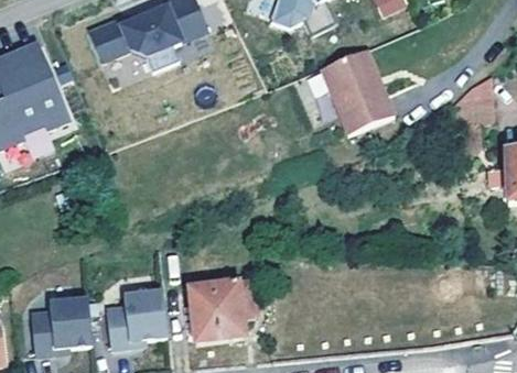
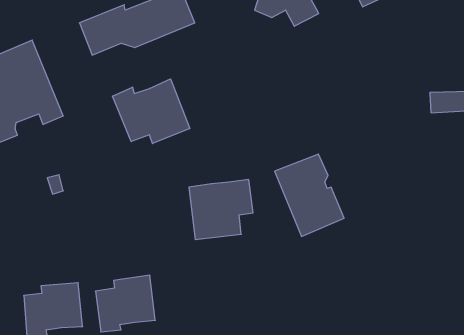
building: [323,48,395,133] -> [275,154,344,236]
building: none -> [113,79,190,144]
building: [190,279,256,341] -> [189,180,253,240]

